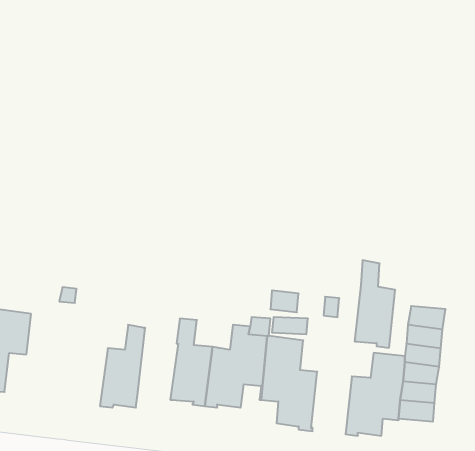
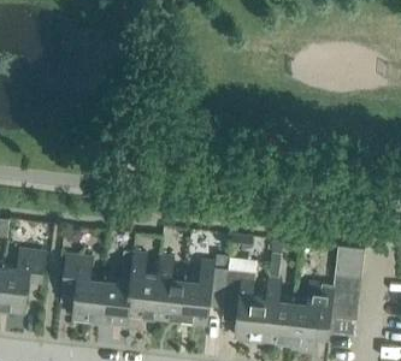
building: [355,260,395,348] -> [260,277,291,344]
building: none -> [126,253,158,320]
building: none -> [61,254,104,322]

